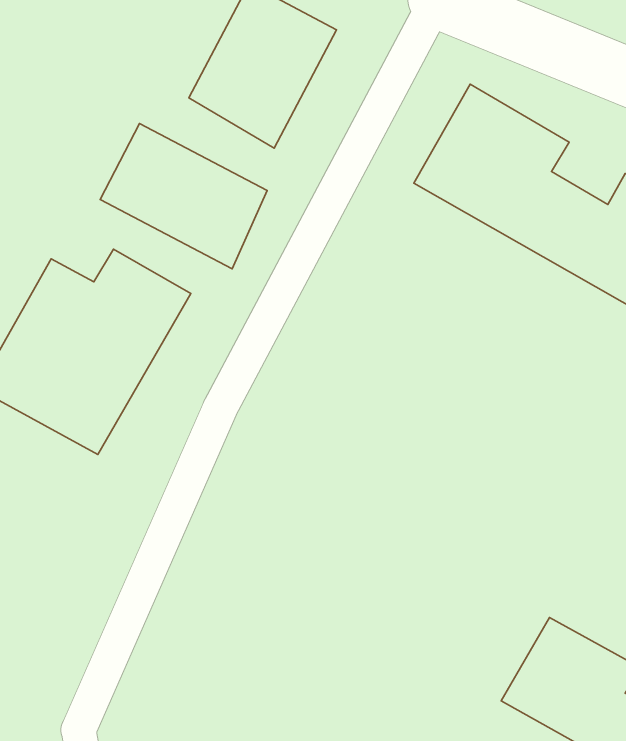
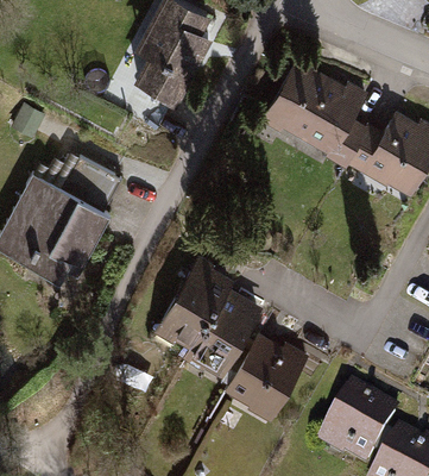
building: [100,123,267,269] -> none
building: none -> [157,258,305,416]

